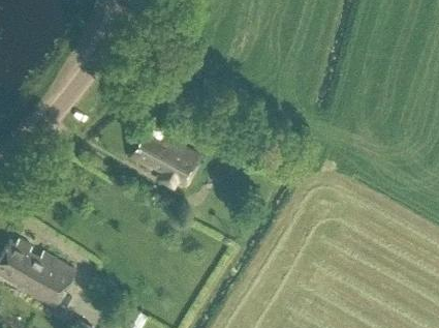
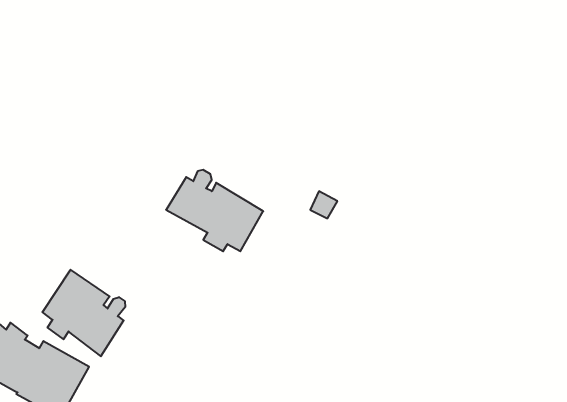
building: none -> [42,270,125,356]

